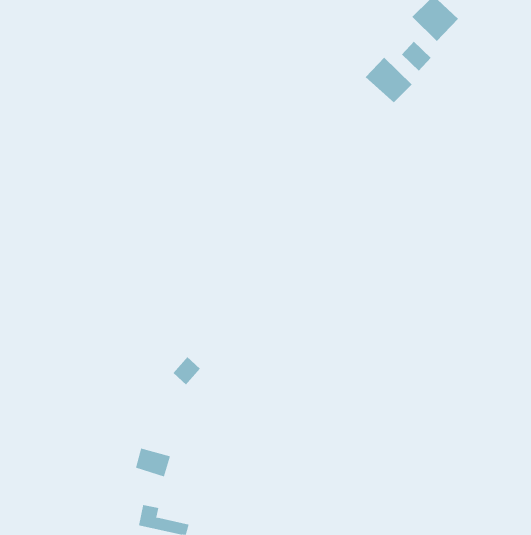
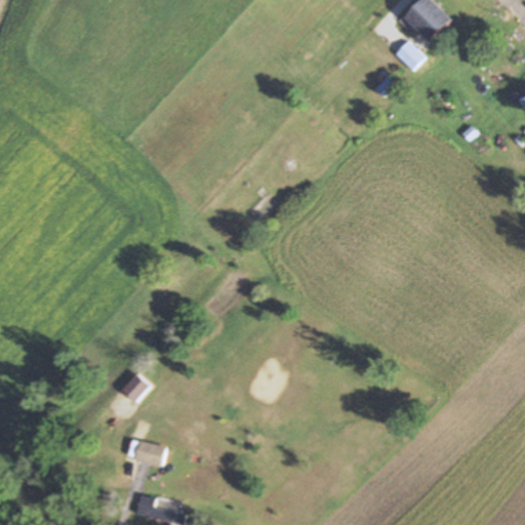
building: [365,57,413,103] -> none
building: [172,356,201,386] -> [121,371,149,400]

